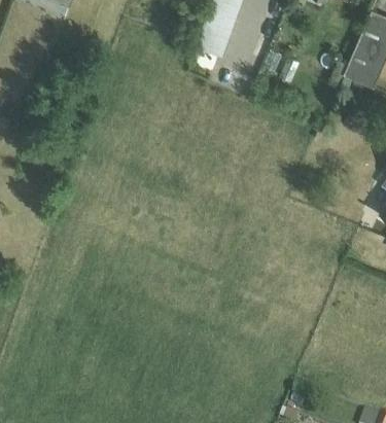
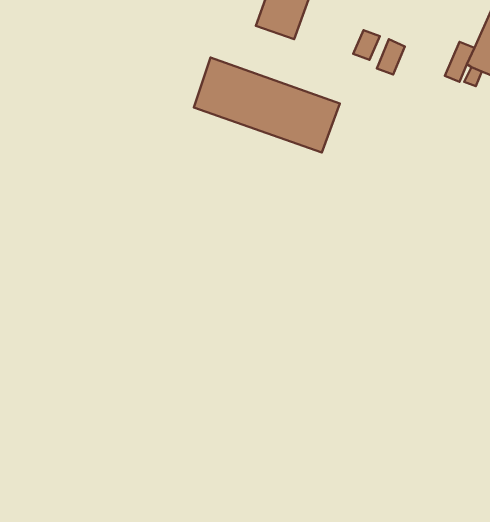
building: none -> [194,57,340,153]

